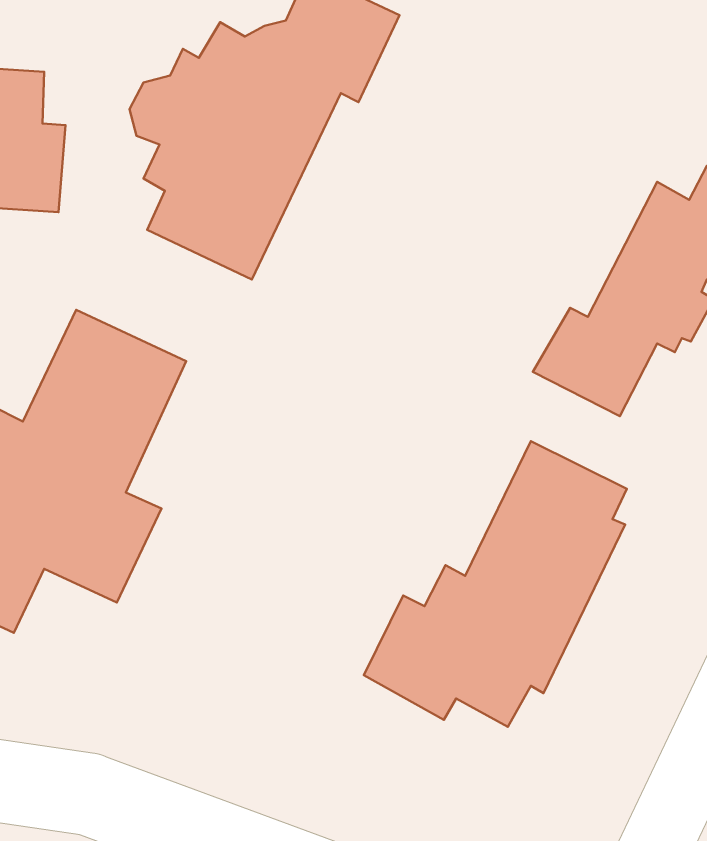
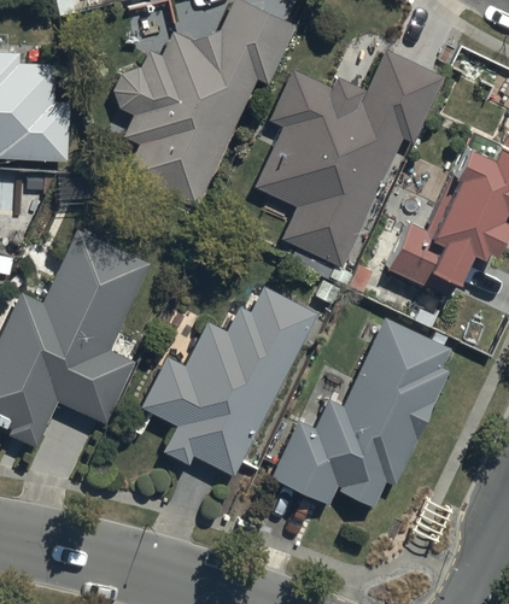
building: none -> [256,49,444,266]
building: none -> [140,274,316,477]

